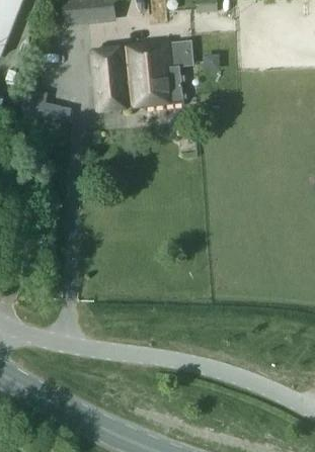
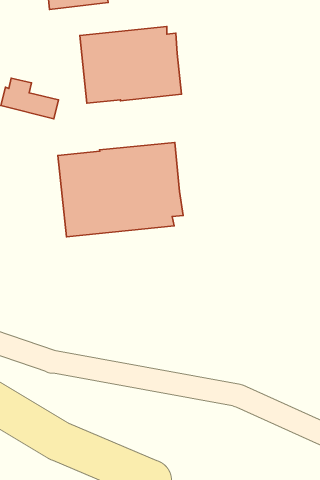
building: none -> [58,142,183,237]

